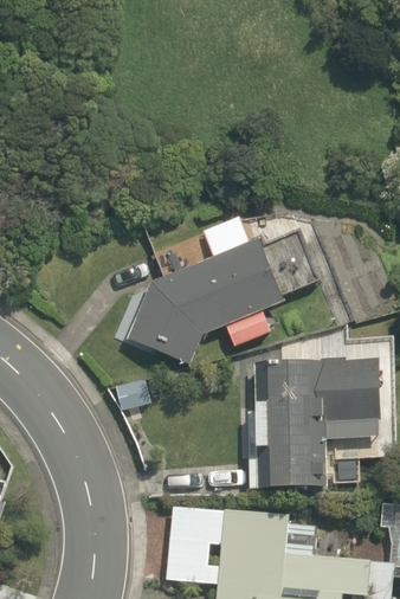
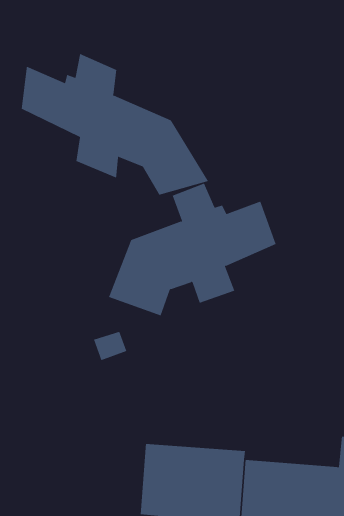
building: none -> [21,53,209,196]
building: [262,352,376,490] -> none

